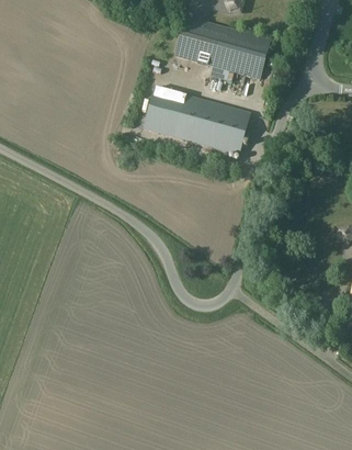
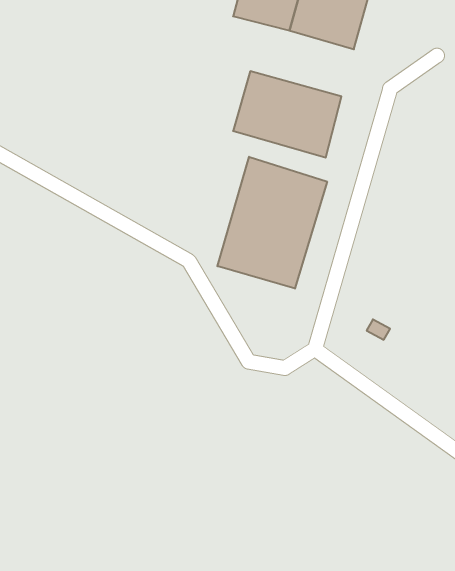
building: [143,87,185,136] -> none
building: none -> [217,157,327,289]

